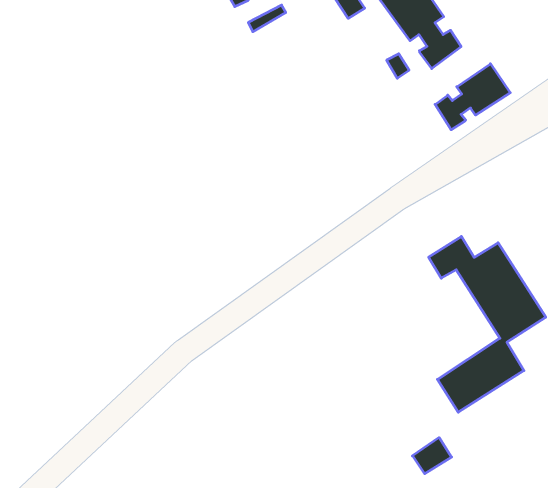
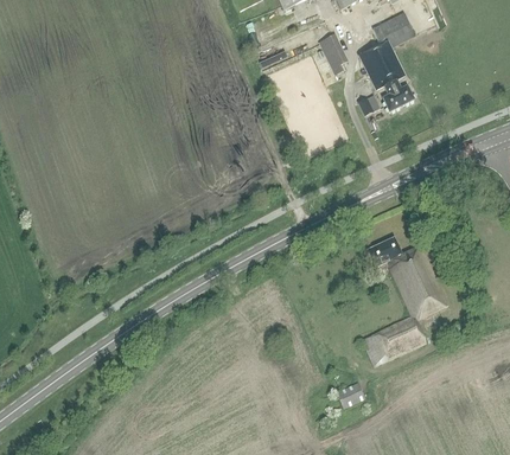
building: [435,64,510,130] -> none

